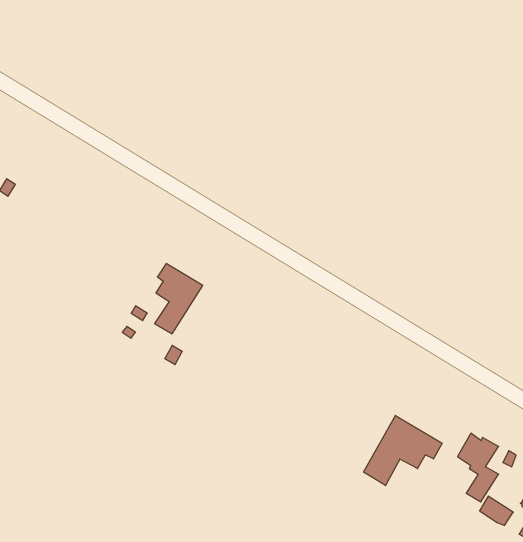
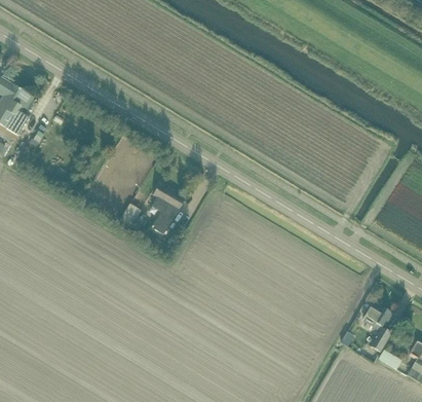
building: [364,415,442,486] -> none

